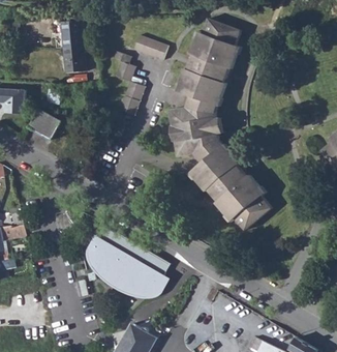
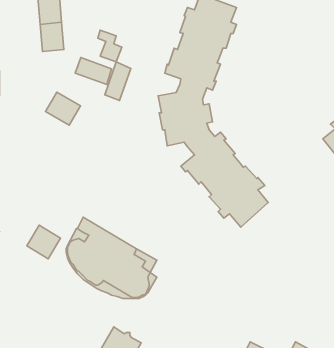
building: [134,35,167,60] -> [75,57,111,85]
building: [30,109,62,139] -> [45,92,81,125]
building: none -> [27,225,60,259]

